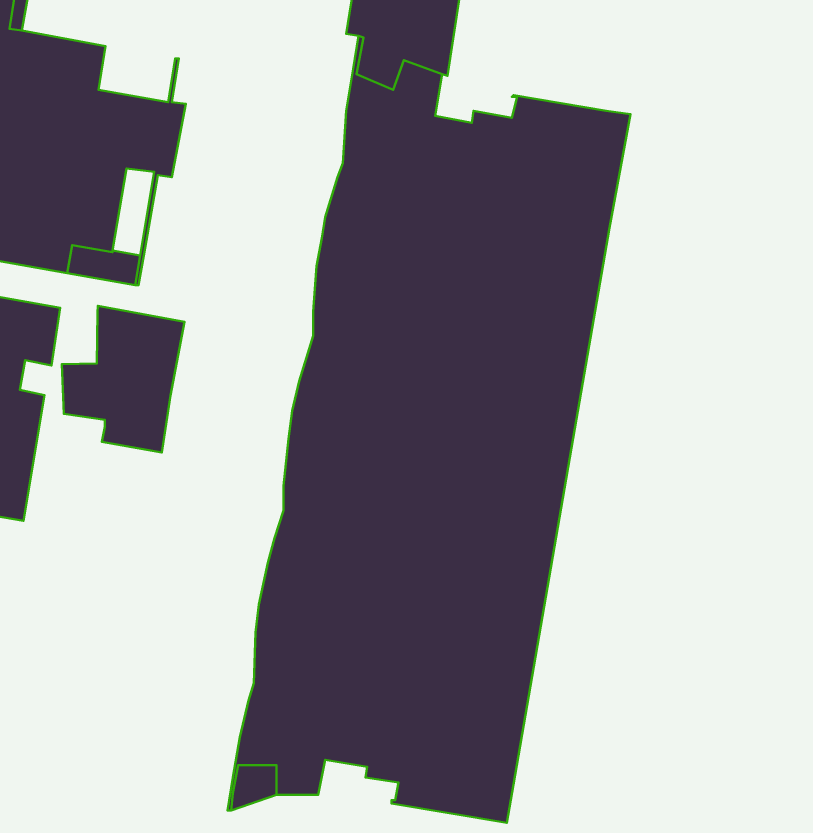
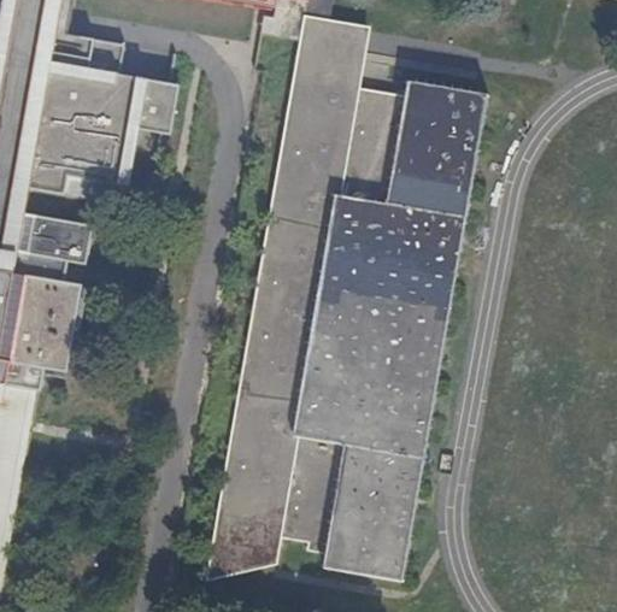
building: [62,306,185,453] -> none

